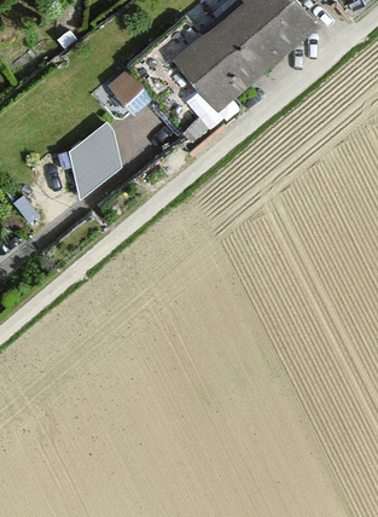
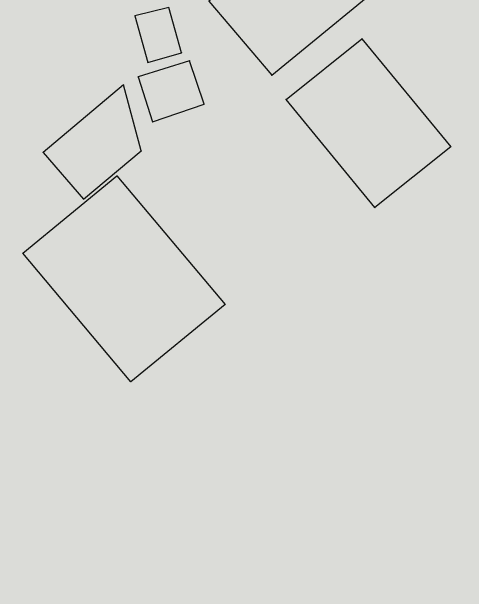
building: none -> [286,39,451,208]
building: none -> [23,176,225,382]

